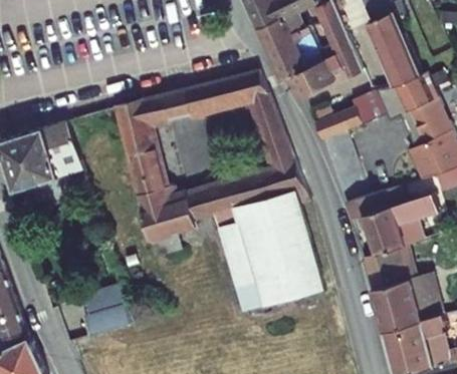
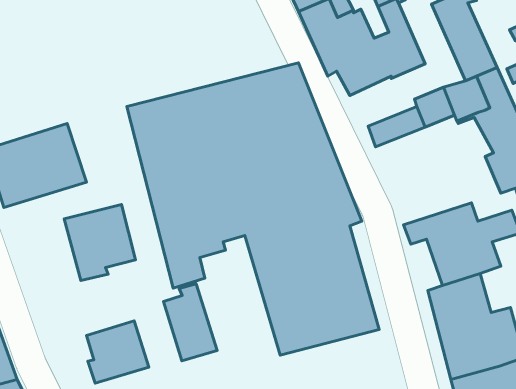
building: none -> [64,205,136,281]
building: none -> [164,284,217,361]

